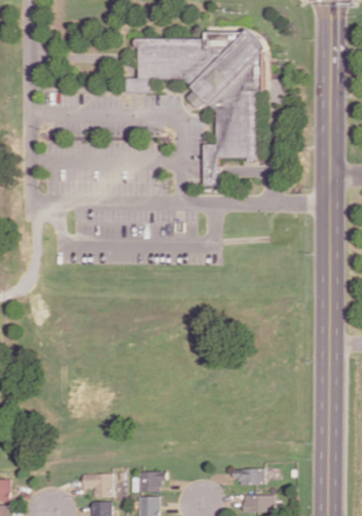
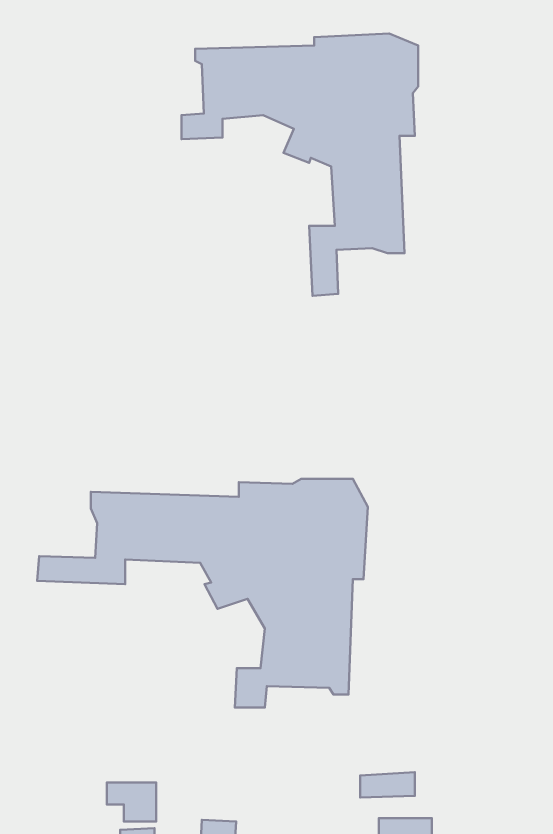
building: none -> [37,479,368,708]
building: [136,471,163,492] -> none

